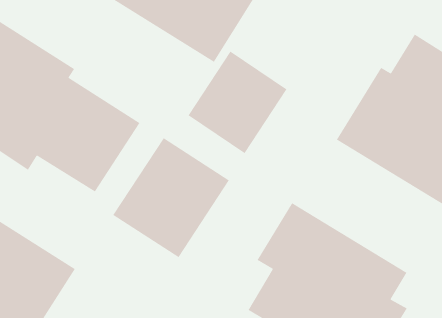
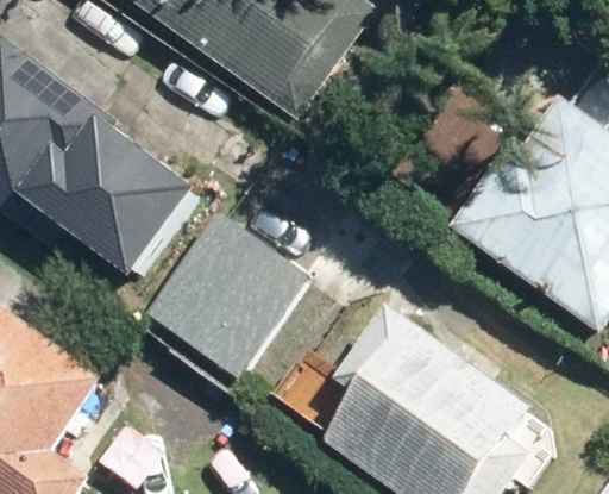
building: [187,50,288,154] -> none

